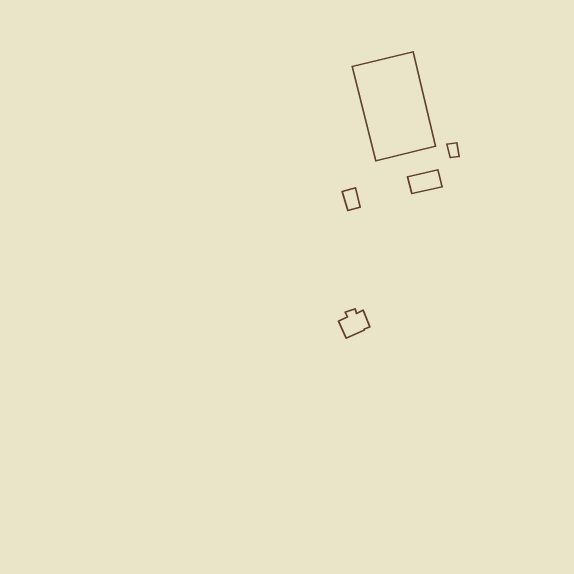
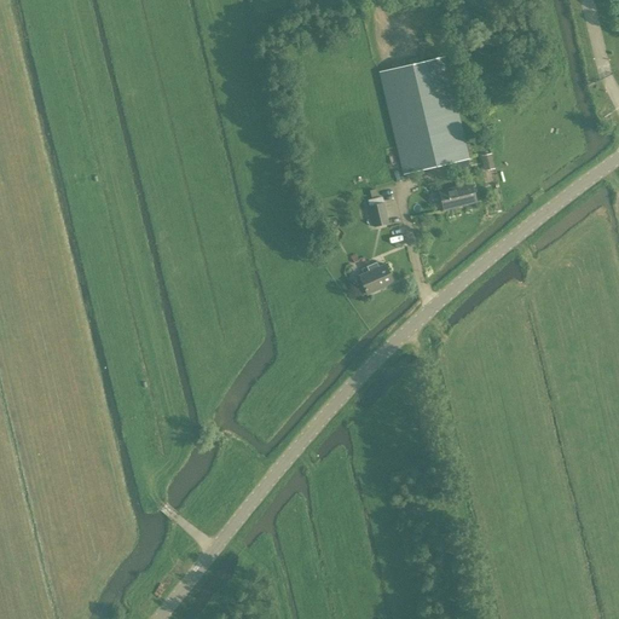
building: [338,309,370,338] -> [358,261,392,293]

